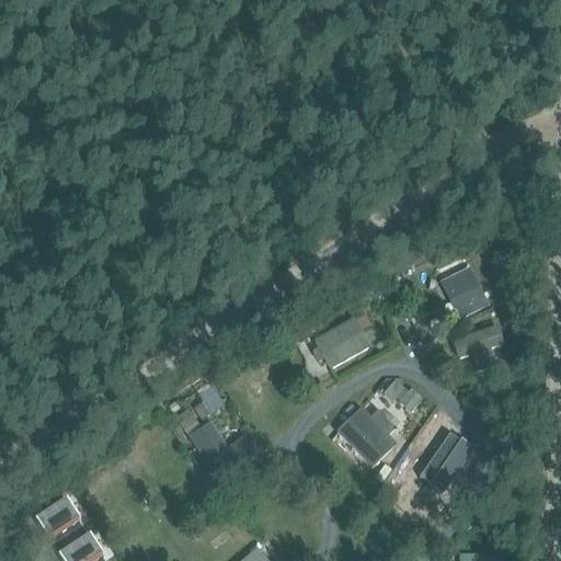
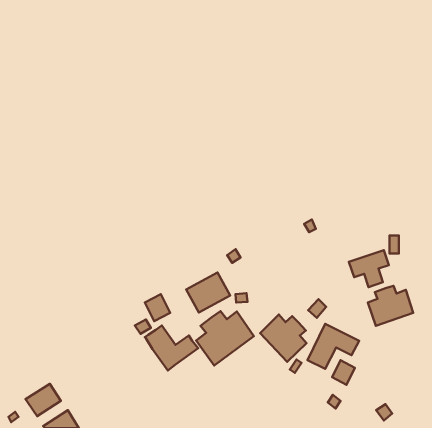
building: [445,266,486,317] -> none
building: [313,317,370,368] -> [186,273,230,312]
building: none -> [368,286,413,326]
building: none -> [196,311,254,366]

